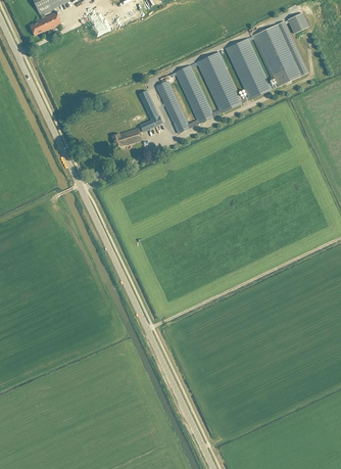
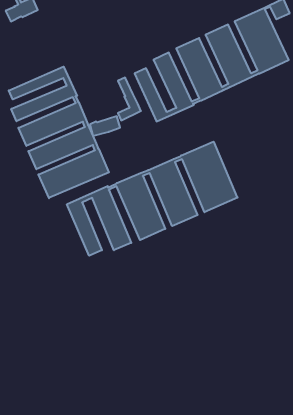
building: none -> [9,67,109,198]
building: none -> [67,142,238,256]

